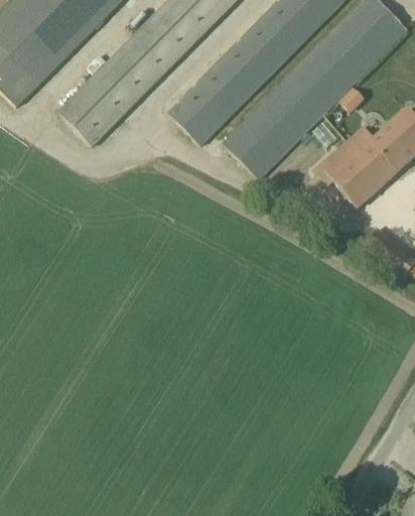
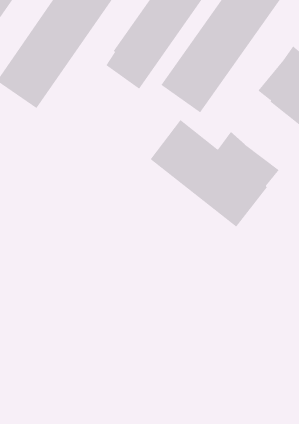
building: none -> [150,119,280,227]

